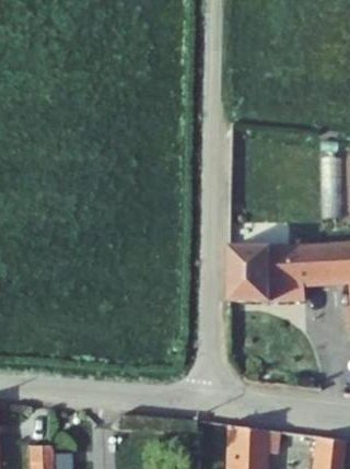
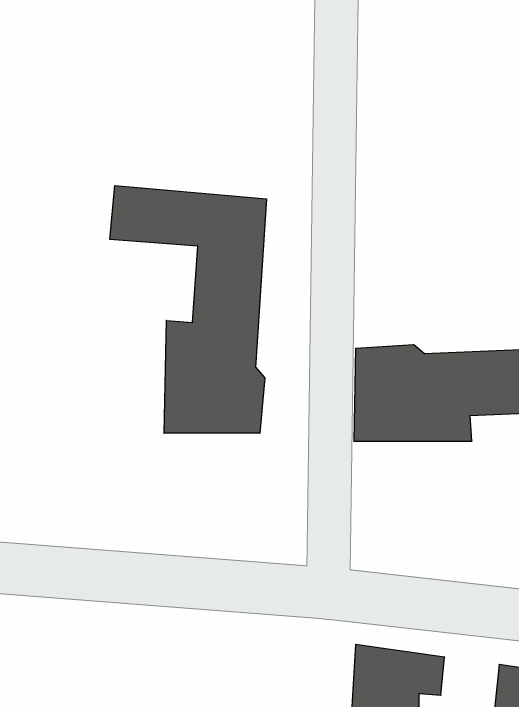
building: none -> [110,186,266,433]

